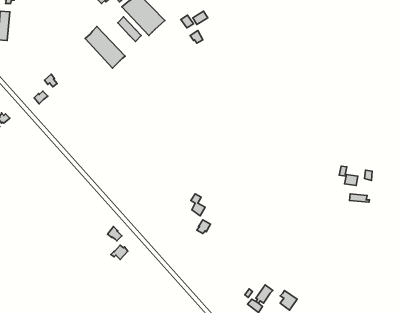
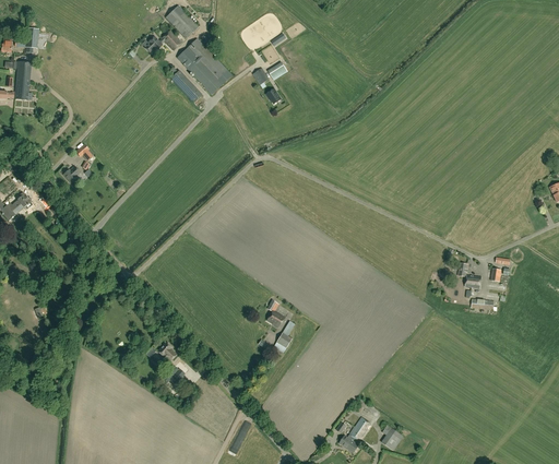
building: [85,27,125,68] -> none

